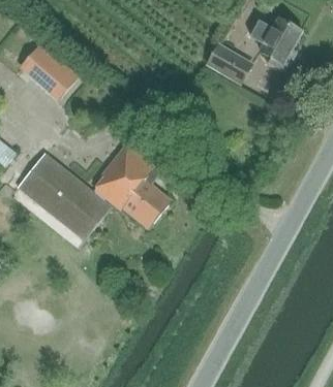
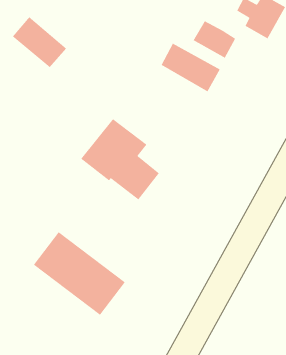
building: none -> [161,42,221,92]
building: [17,155,111,240] -> [33,231,126,316]

